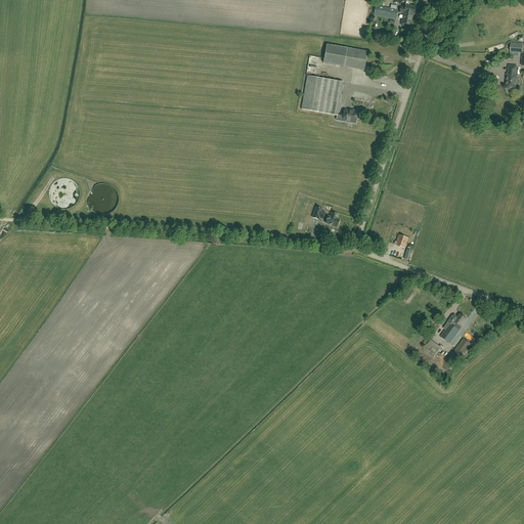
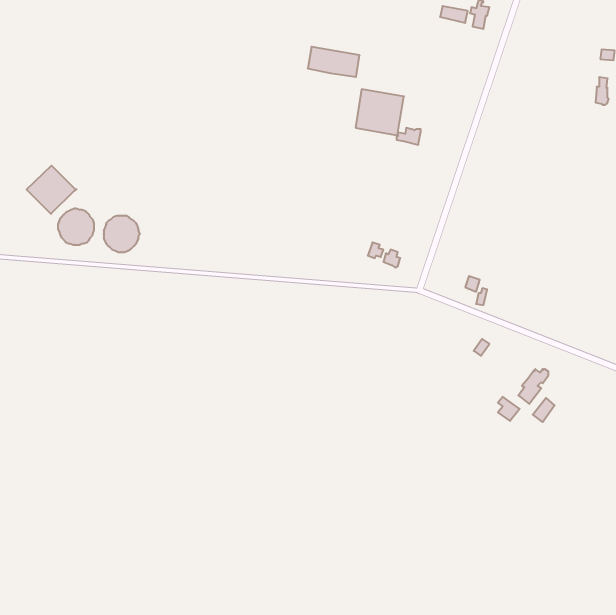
building: [323,44,367,70] -> [308,47,360,77]
building: none -> [27,166,77,214]

